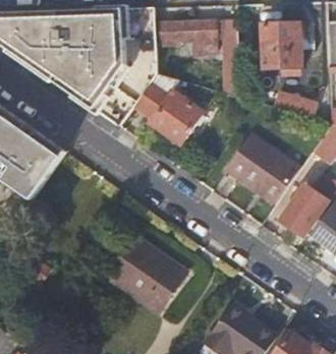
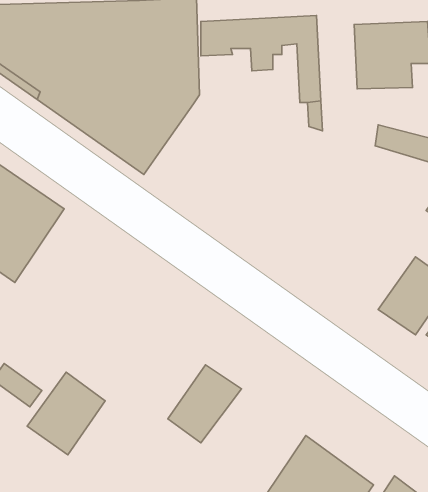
building: [133,79,202,144] -> none
building: [224,136,296,203] -> none
building: [108,237,161,293] -> [27,372,105,455]

